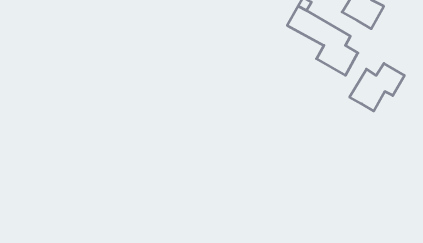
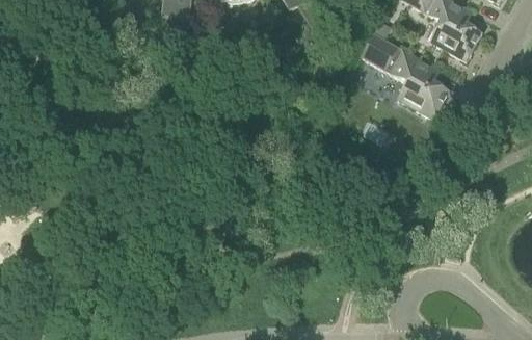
building: [350,63,404,111] -> none

